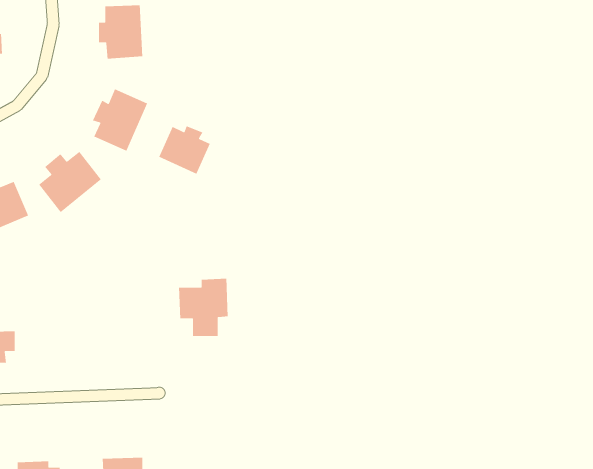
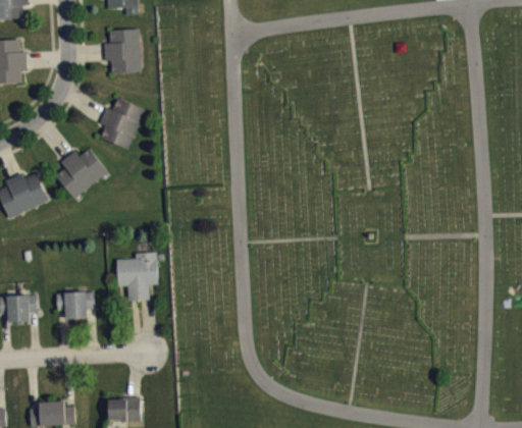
building: [158,125,211,175] -> none
building: [178,278,228,337] -> [116,252,157,300]
building: none -> [56,291,95,319]

